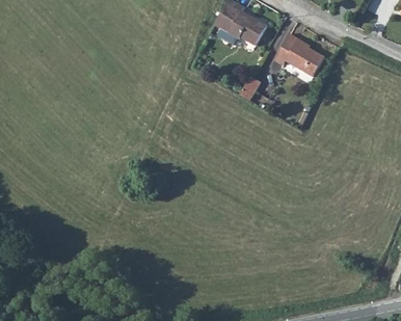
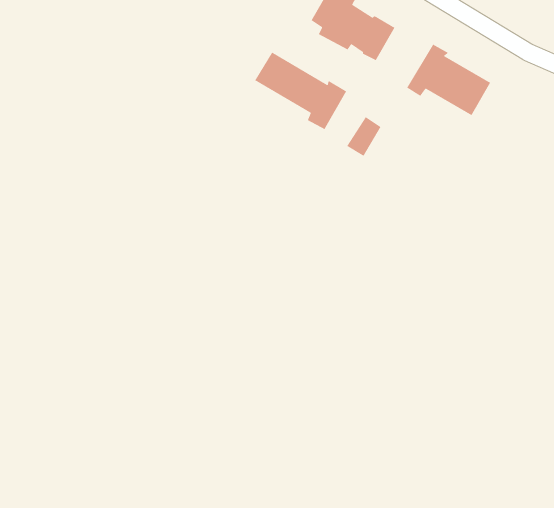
building: none -> [254,51,347,130]

